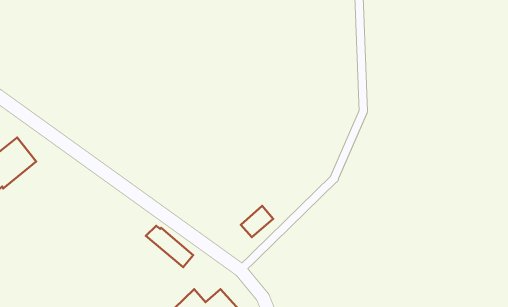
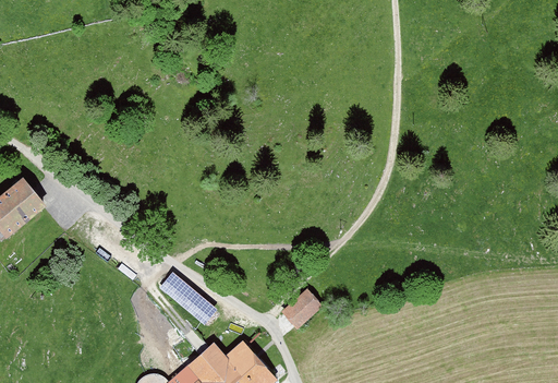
building: [241,206,273,237] -> [284,289,319,323]

